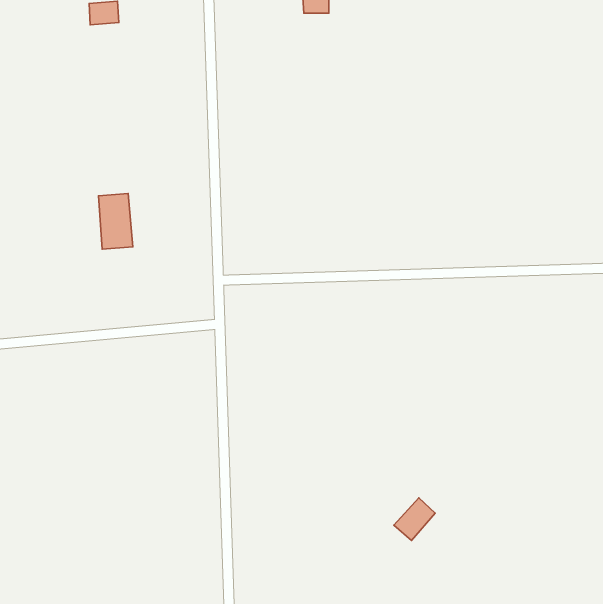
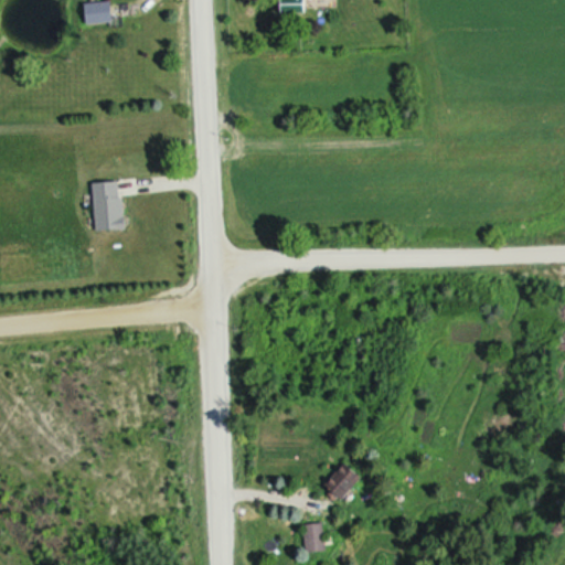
building: [394,498,435,540] -> [321,462,360,502]
building: none -> [301,524,323,553]

